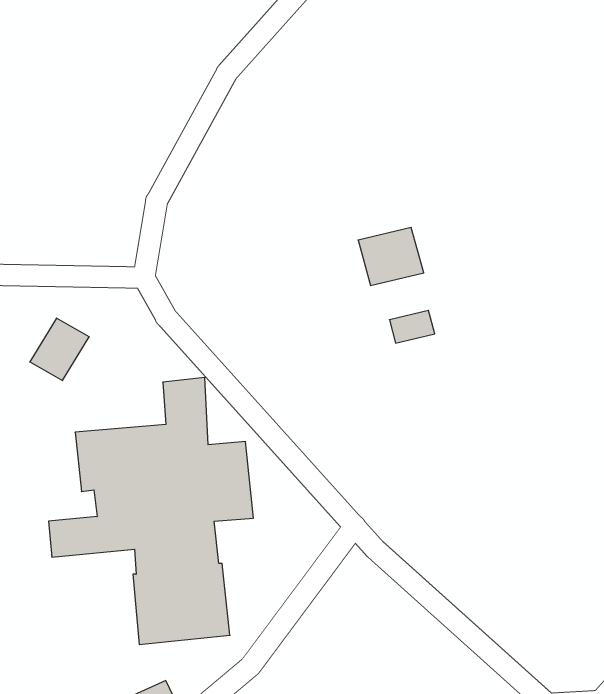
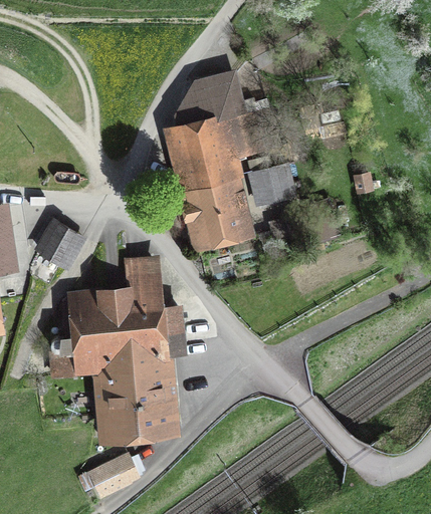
building: none -> [176,75,266,240]

